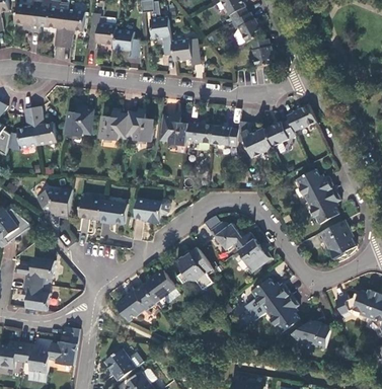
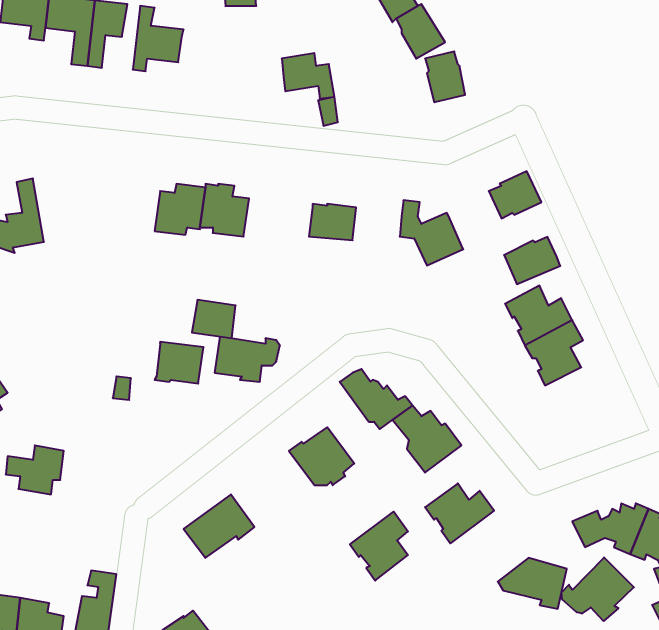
building: [149,14,171,53] -> none
building: [112,29,140,58] -> none
building: [64,106,92,136] -> none
building: [31,107,55,144] -> none
building: [160,115,187,146] -> none
building: [263,120,295,146] -> [504,237,560,284]
building: [210,125,237,146] -> none
building: [37,187,71,216] -> none
building: [78,198,102,219] -> [192,300,236,338]
building: [316,219,355,259] -> none
building: [142,270,180,305] -> none
building: [21,282,48,310] -> none
building: [264,294,297,332] -> [350,512,408,581]
building: none -> [561,557,634,621]

